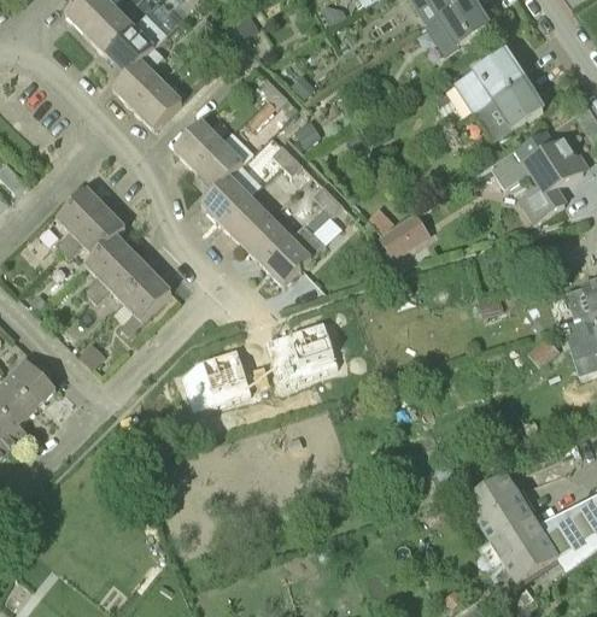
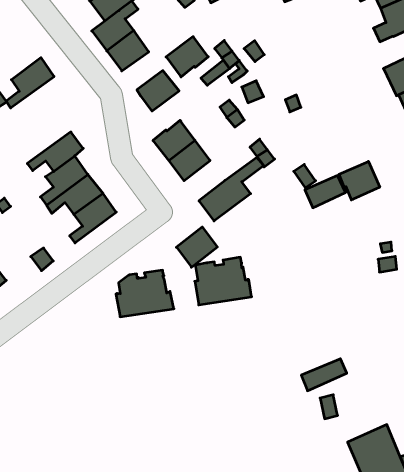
building: [195,141,244,189] -> [166,37,208,77]
building: [55,187,106,249] -> [6,58,54,108]
building: none -> [339,161,380,200]
building: [244,216,291,264] -> [176,227,217,267]
building: [464,474,516,516] -> [301,359,347,391]

